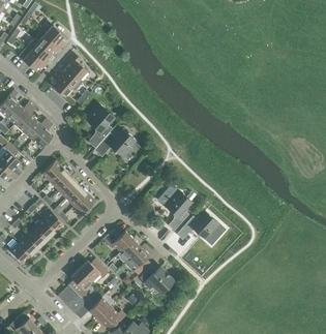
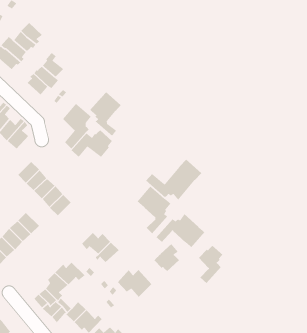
building: none -> [89,91,122,137]
building: none -> [145,159,202,201]
building: none -> [198,245,223,284]
building: [124,247,150,275] -> [153,243,180,272]

